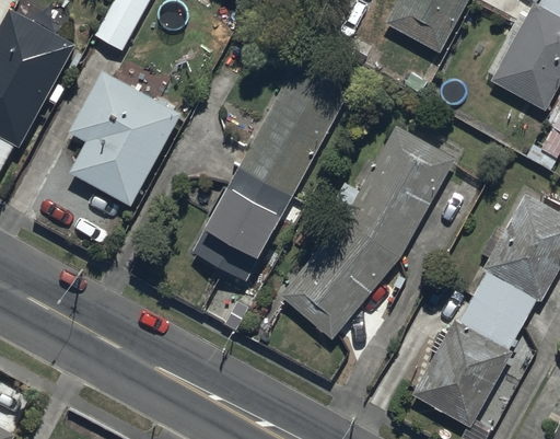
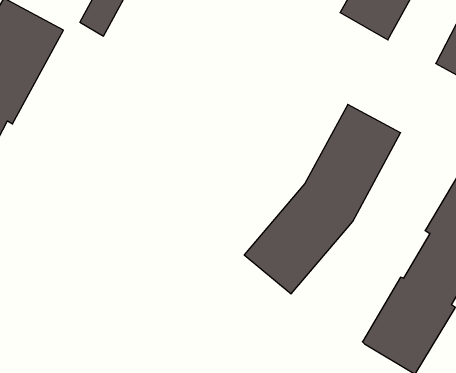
building: [192,61,349,282] -> none
building: [69,70,183,207] -> none

